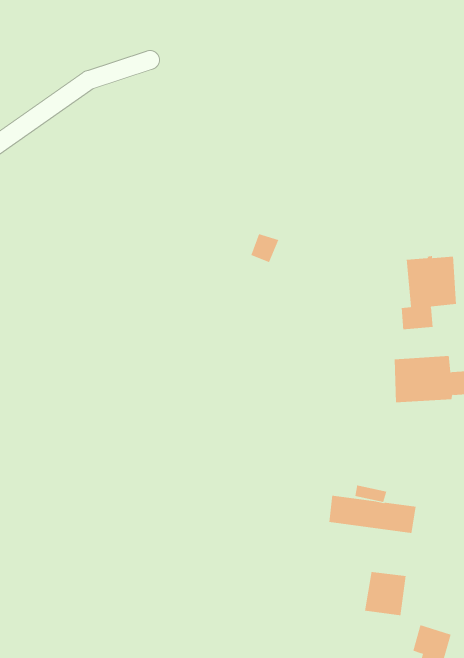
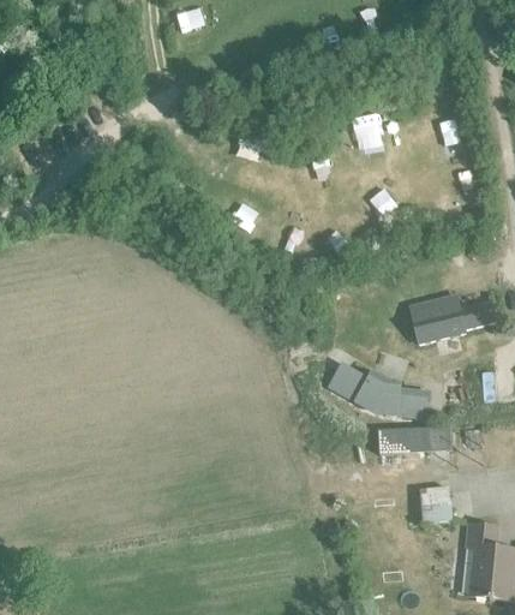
building: [401,255,457,330] -> none
building: none -> [331,368,430,412]

